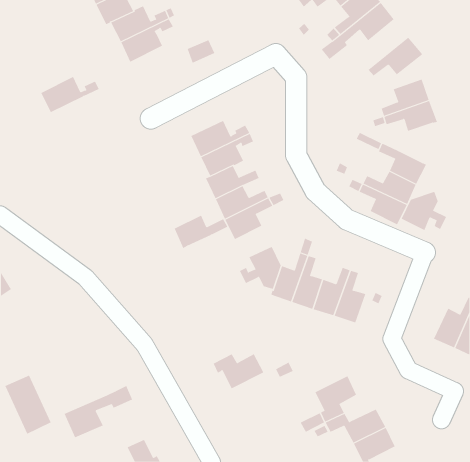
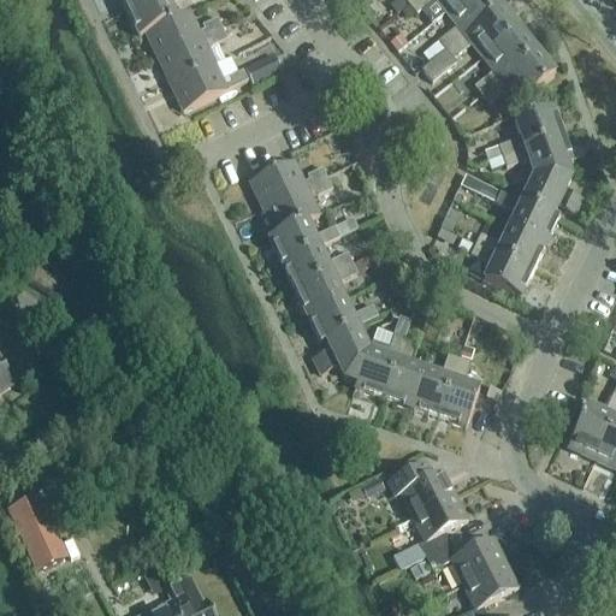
building: none -> [474,25,534,91]
building: [40,76,99,113] -> [170,60,247,108]
building: [401,191,447,231] -> [521,161,581,213]
building: [174,215,228,249] -> [307,296,378,340]
building: [213,353,264,389] -> [387,467,455,514]
building: [64,385,133,438] -> none

